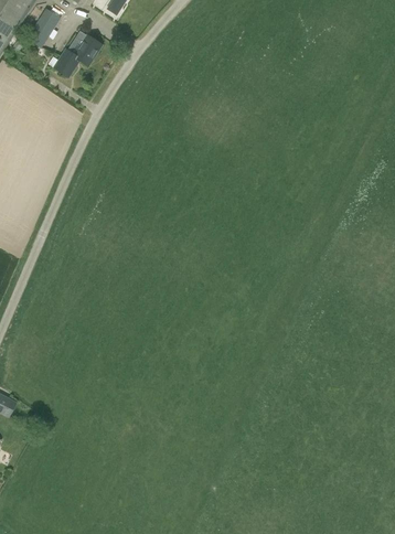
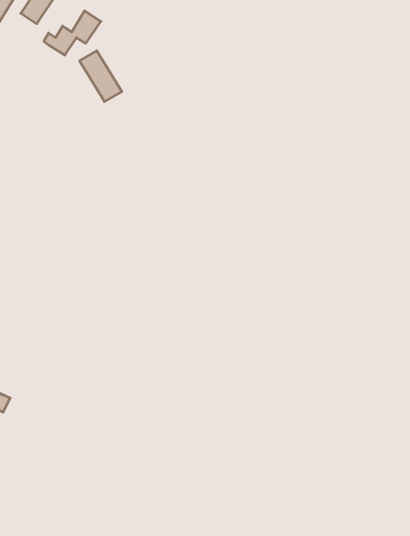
building: none -> [80,51,122,102]

